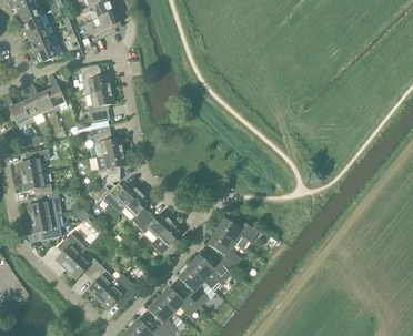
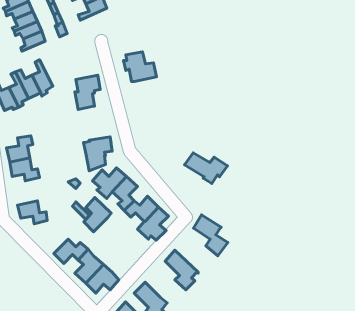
building: [77,63,110,93] -> [124,52,157,81]
building: [91,125,122,156] -> none
building: [27,191,61,220] -> none
building: [214,217,258,248] -> [184,153,227,184]
building: [56,234,83,268] -> [84,198,111,232]
building: [188,254,231,289] -> none
building: [158,285,199,315] -> none

